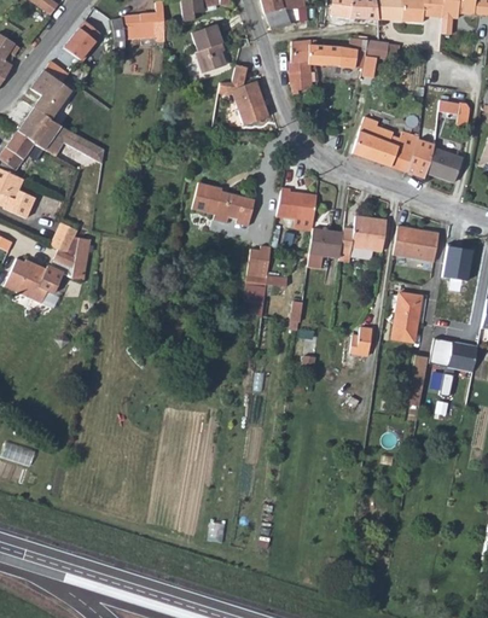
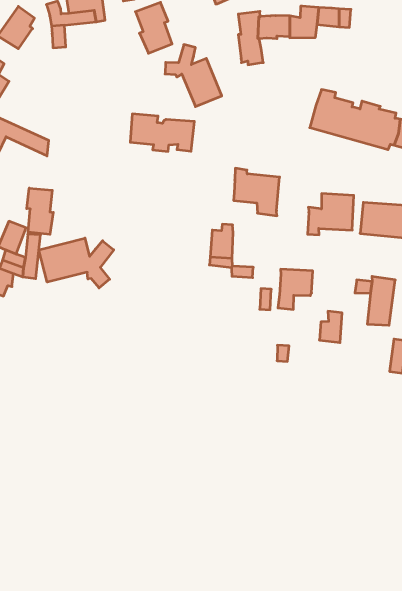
building: [192,182,254,221] -> [130,114,194,151]
building: none -> [27,188,53,234]
building: [309,228,344,267] -> [278,269,313,309]
building: none -> [39,238,114,288]

